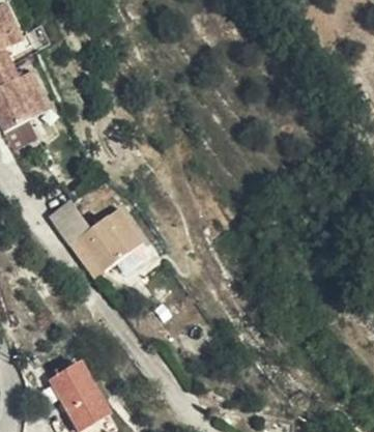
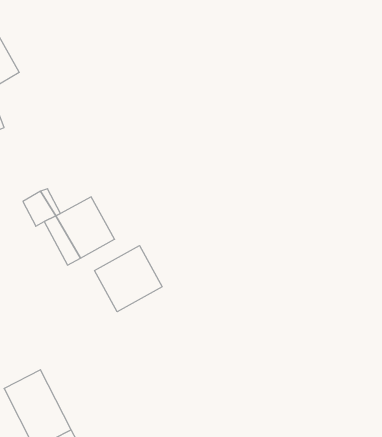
building: none -> [95,246,162,312]

